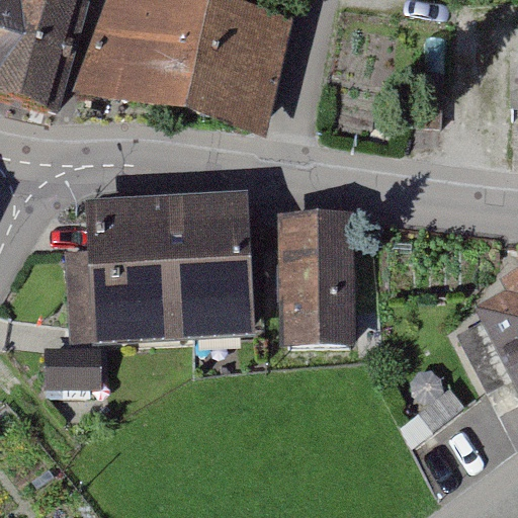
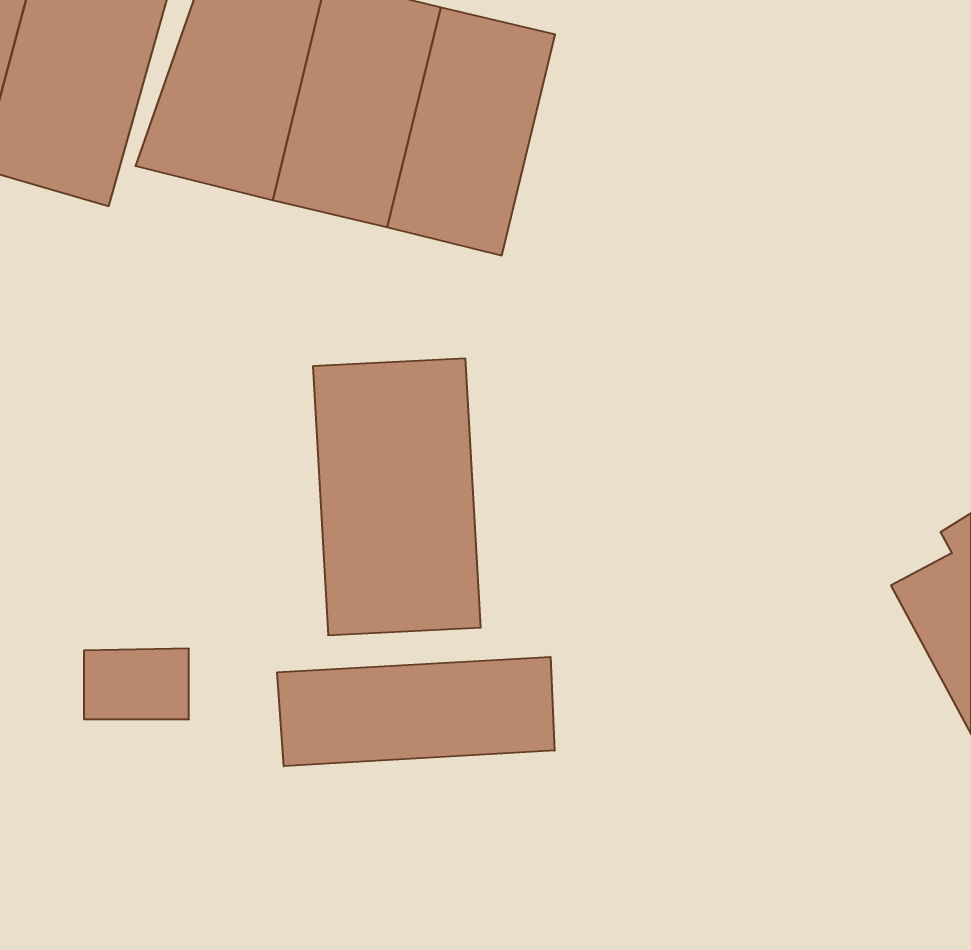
building: [86,194,174,342] -> none
building: [275,208,354,342] -> none
building: none -> [277,657,555,766]

